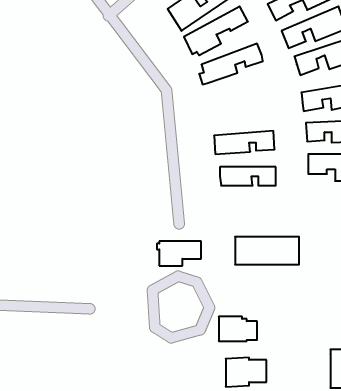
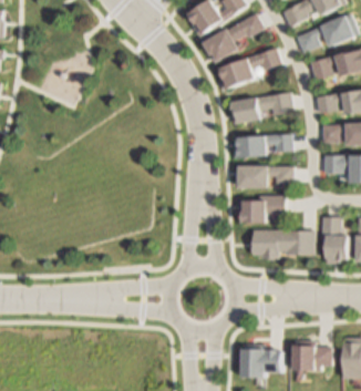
building: none -> [230,91,290,121]
building: none -> [317,217,343,263]
building: [157,241,201,266] -> [239,197,281,220]
building: [219,317,257,341] -> [293,344,330,368]

